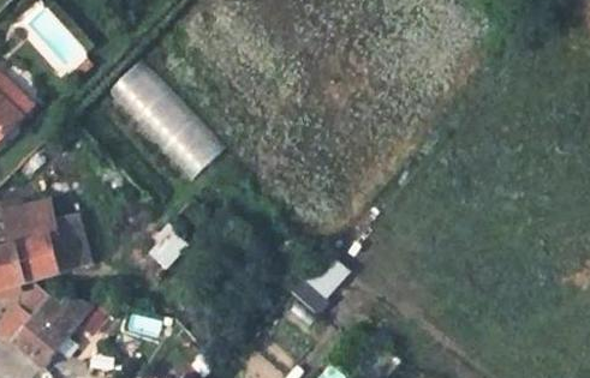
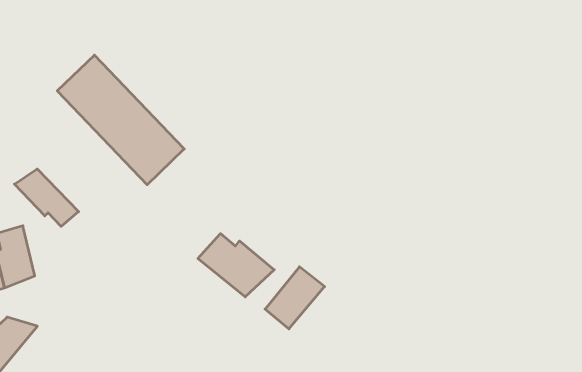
building: none -> [14,169,79,226]
building: none -> [198,234,274,297]

